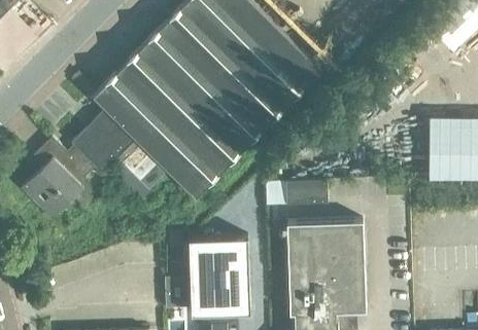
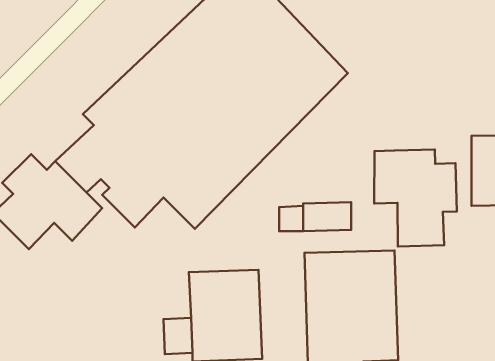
building: none -> [374,150,457,246]

